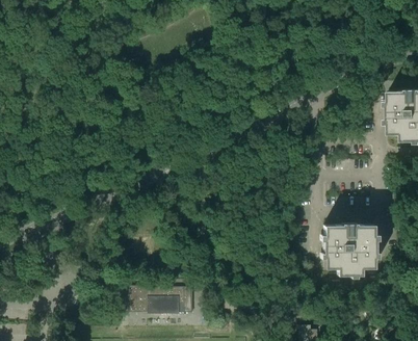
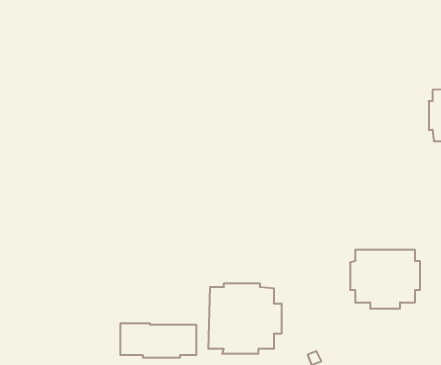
building: none -> [208,283,281,354]

